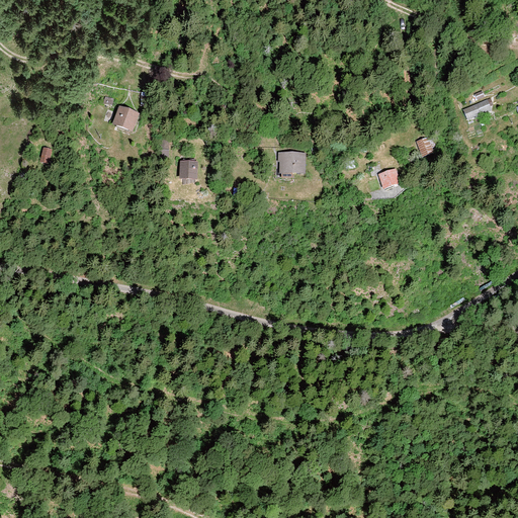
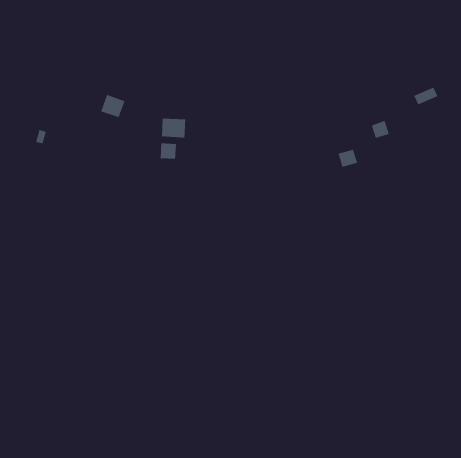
building: none -> [161,118,186,138]
building: [277,151,306,173] -> none

